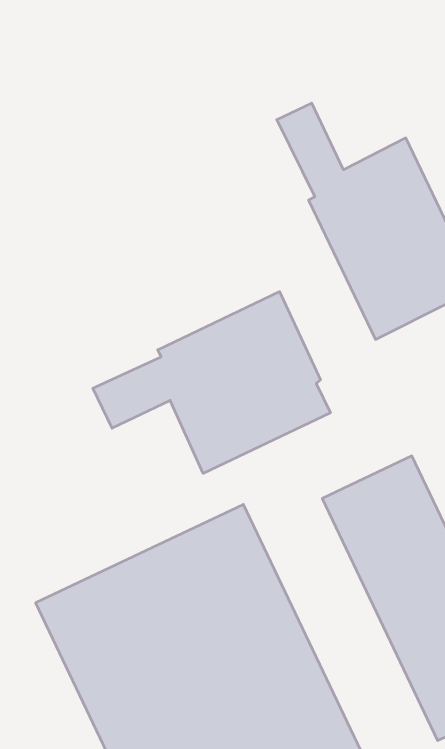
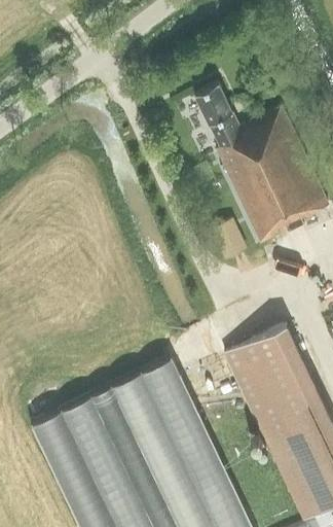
building: [93,292,330,473] -> none

